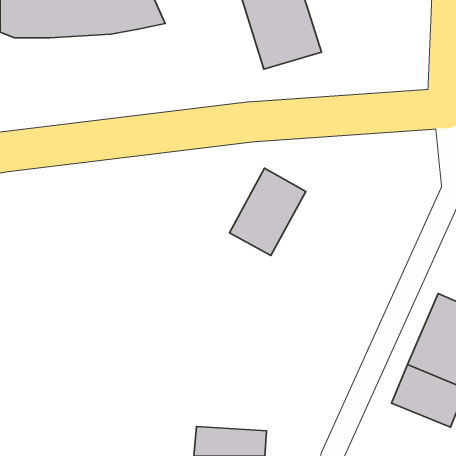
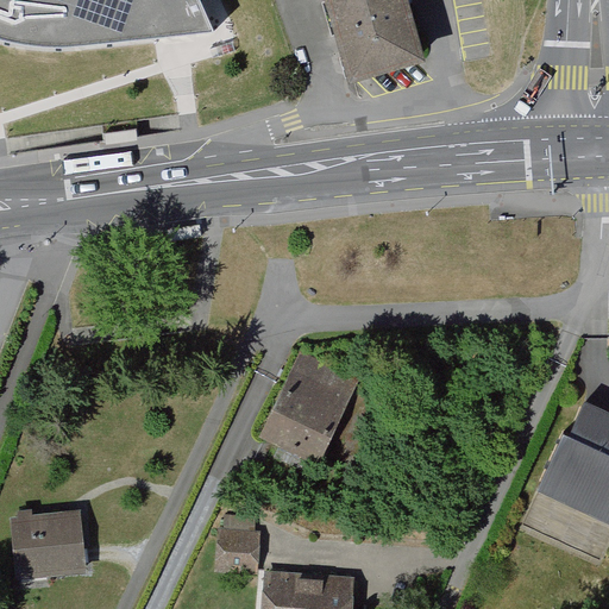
building: [230,168,306,255] -> [260,345,362,460]
building: none -> [13,506,92,571]
building: none -> [216,526,262,567]

